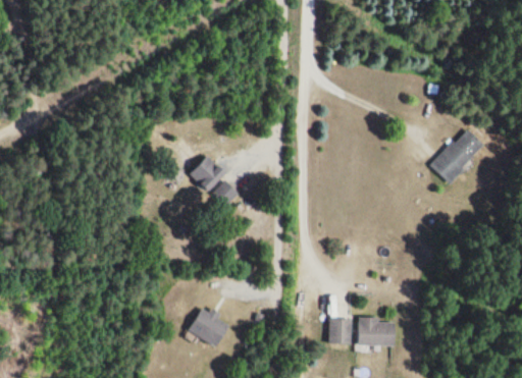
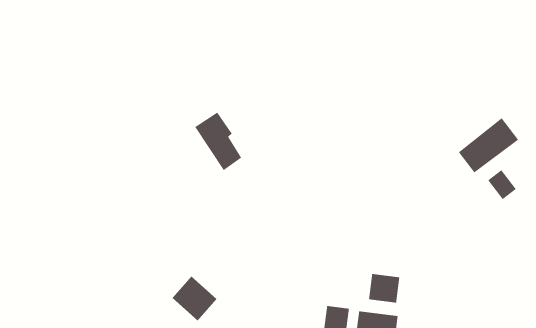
building: none -> [487,169,517,200]
building: none -> [368,273,400,304]

